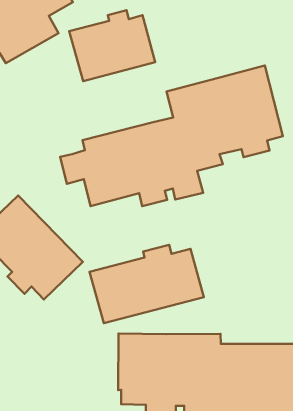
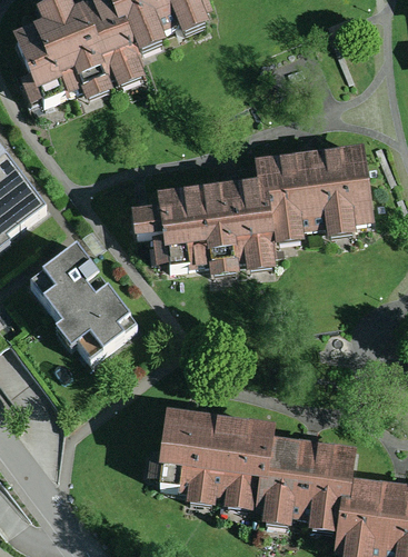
building: [69,10,155,81] -> none
building: [89,245,204,323] -> none

